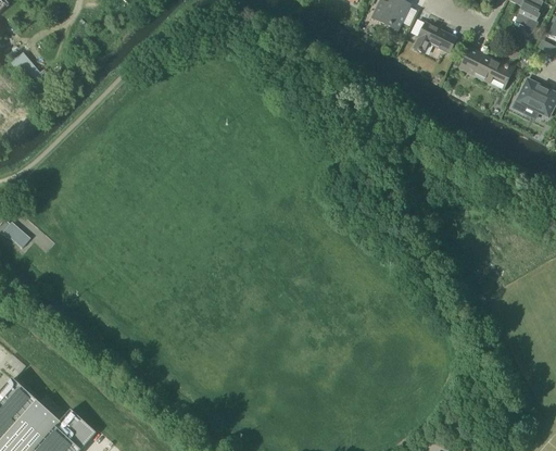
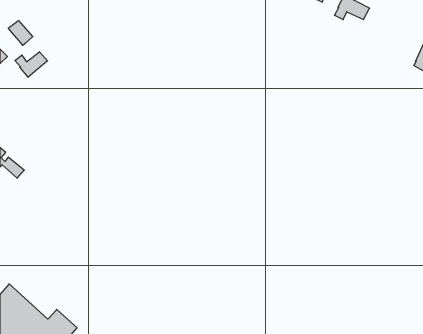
building: [460,47,515,87] -> none
building: none -> [15,52,48,77]

